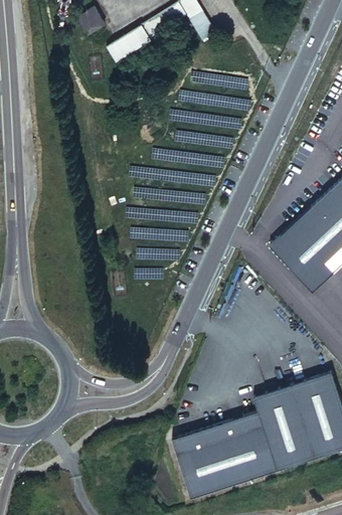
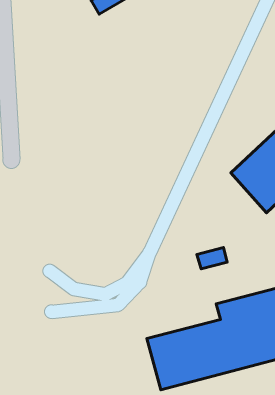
building: none -> [197,247,227,269]

